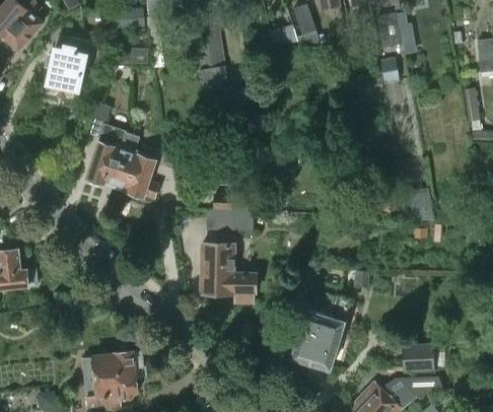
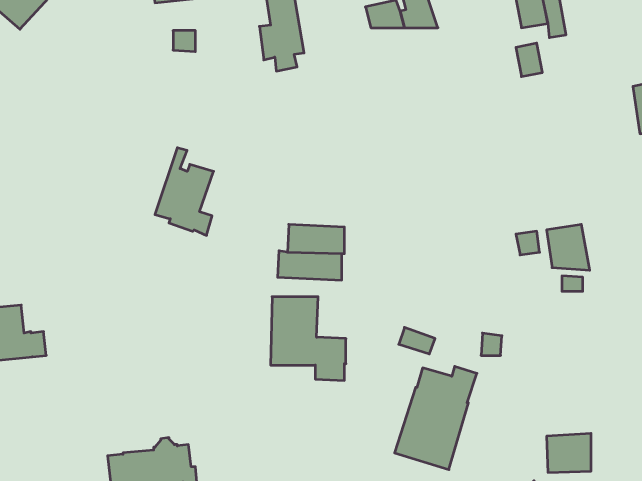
building: [44,44,87,99] -> none
building: [87,106,133,185] -> none

